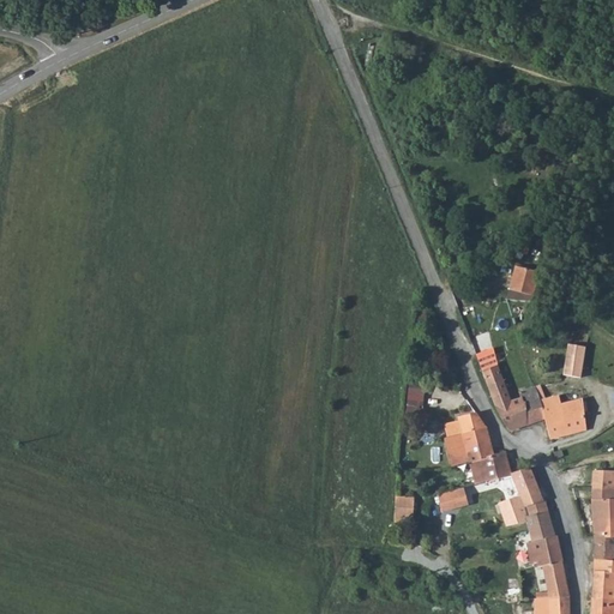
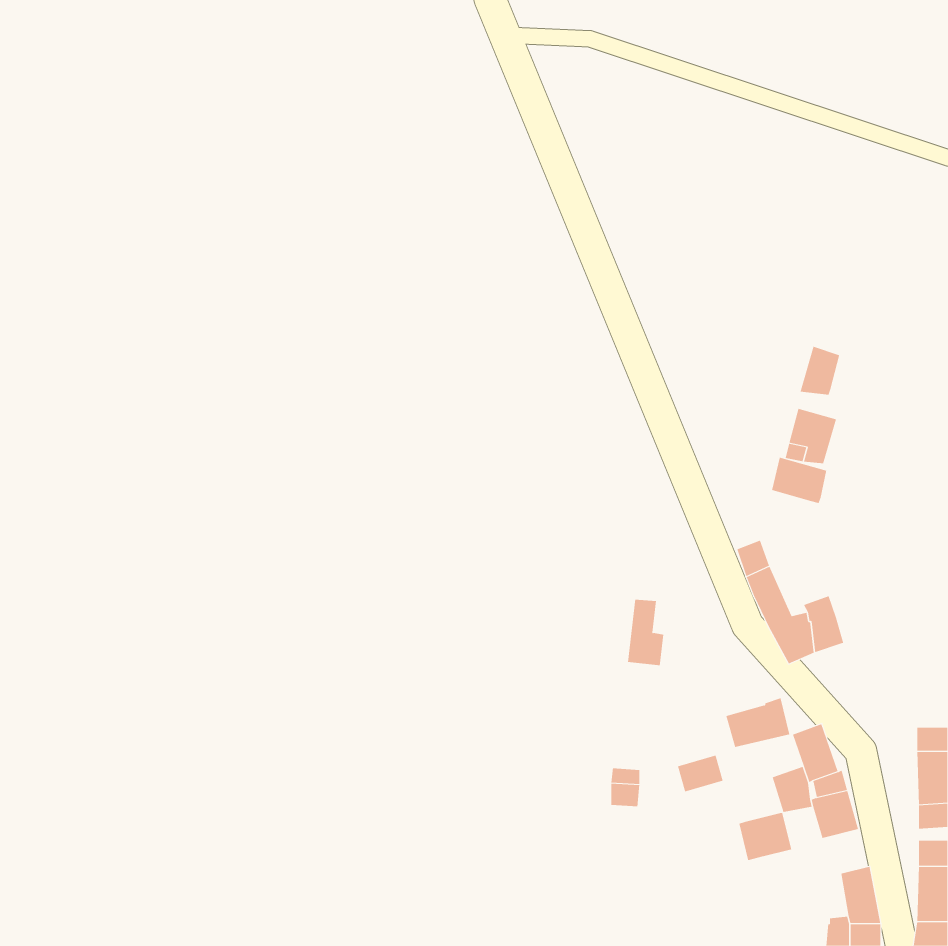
building: none -> [800,346,840,395]
building: none -> [772,457,827,504]
building: [564,345,585,379] -> none
building: [541,395,588,439] -> none
building: [444,413,494,466] -> none
building: [528,536,562,567] -> [738,812,792,861]

